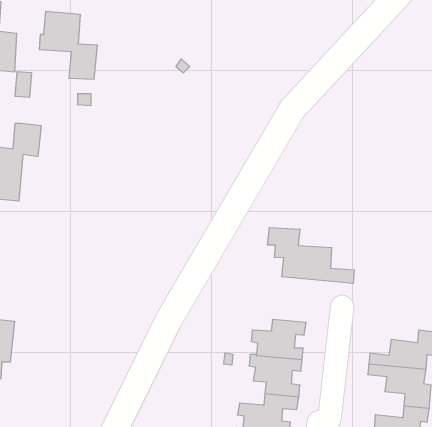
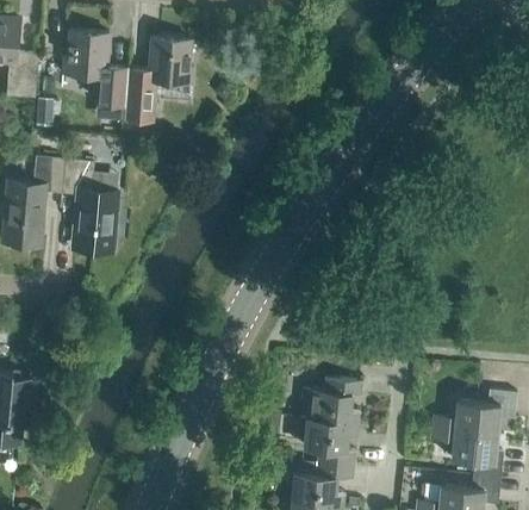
building: none -> [124,36,193,122]
building: none -> [62,158,117,249]
building: [268,227,354,284] -> none

